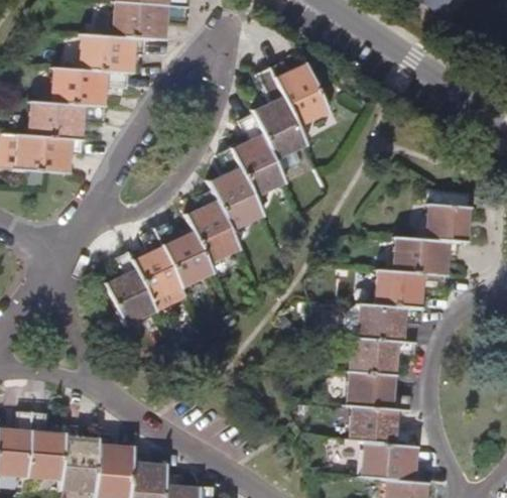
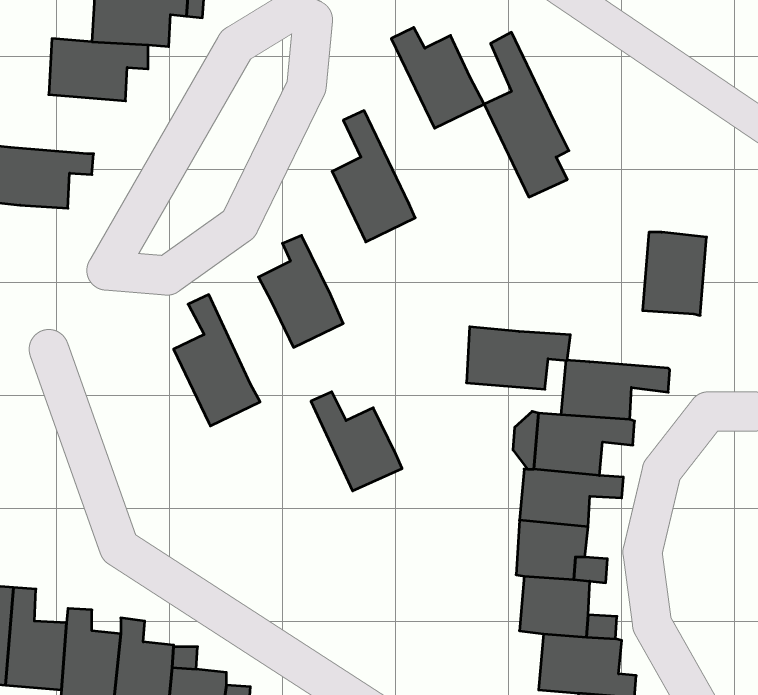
building: [252,68,305,171] -> [484,32,569,197]
building: [29,102,105,140] -> none
building: [210,149,262,229] -> none
building: [154,223,212,285] -> [311,392,402,491]
building: [394,236,460,275] -> [466,327,570,389]
building: [105,252,154,324] -> none

